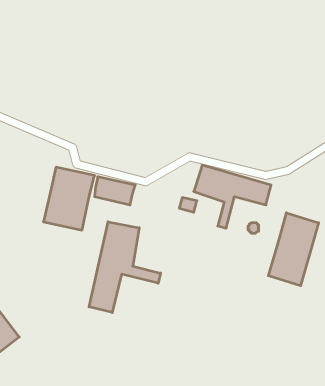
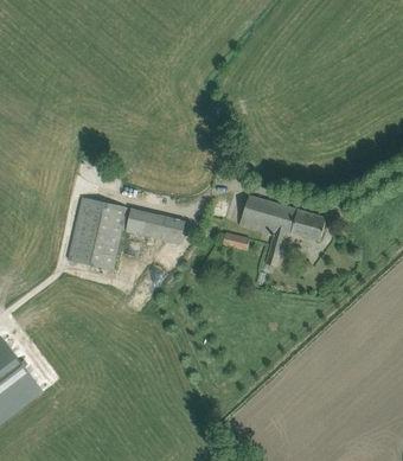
building: [268,213,319,286] -> none
building: [89,222,161,313] -> none

